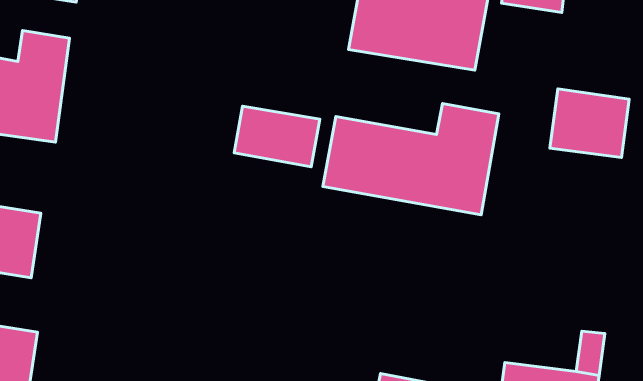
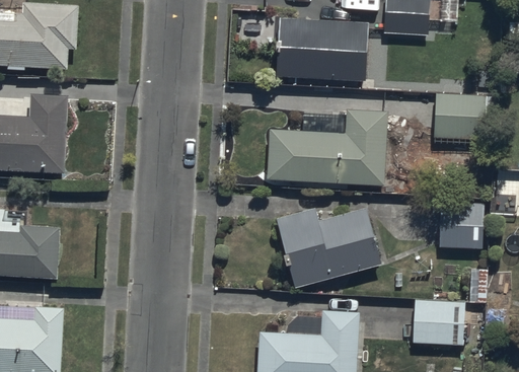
building: [234,106,320,167] -> none
building: none -> [274,205,381,285]
building: none -> [439,199,483,249]

